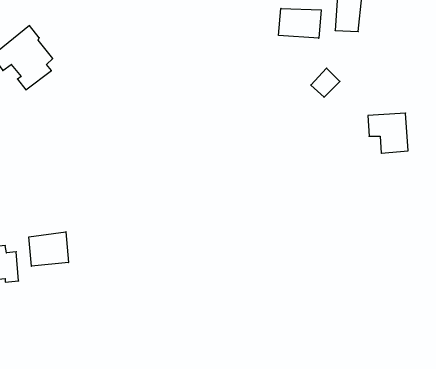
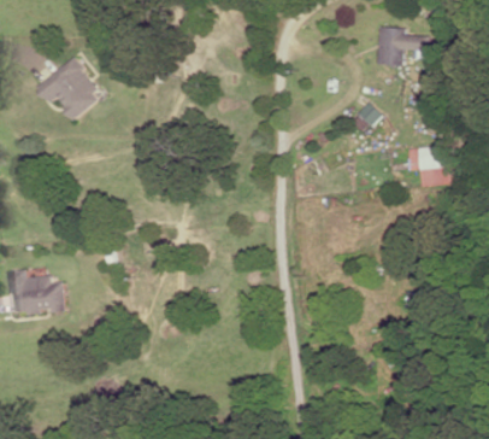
building: [279,8,321,38] -> none
building: [29,232,68,266] -> none

